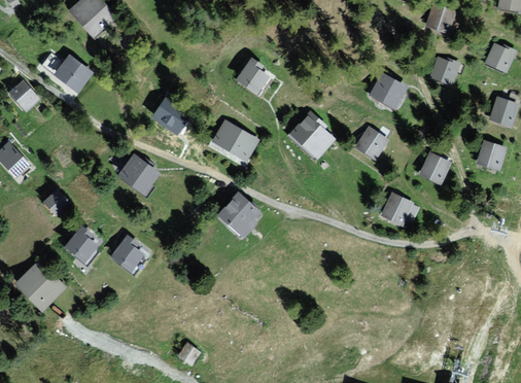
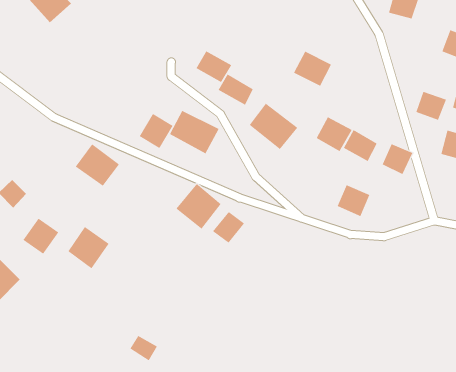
building: [54,53,95,92] -> none
building: [429,57,460,85] -> [415,91,447,120]
building: [371,73,409,108] -> [293,51,332,86]
building: none -> [218,74,253,106]
building: [151,95,185,130] -> [139,113,173,149]
building: none -> [343,129,378,162]
building: none -> [212,211,245,244]

